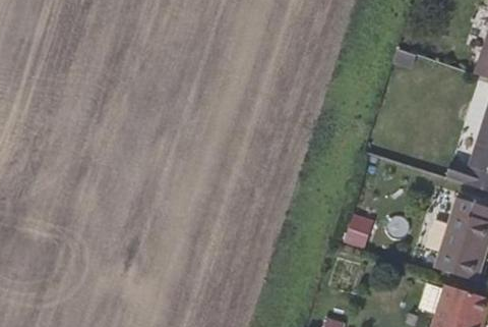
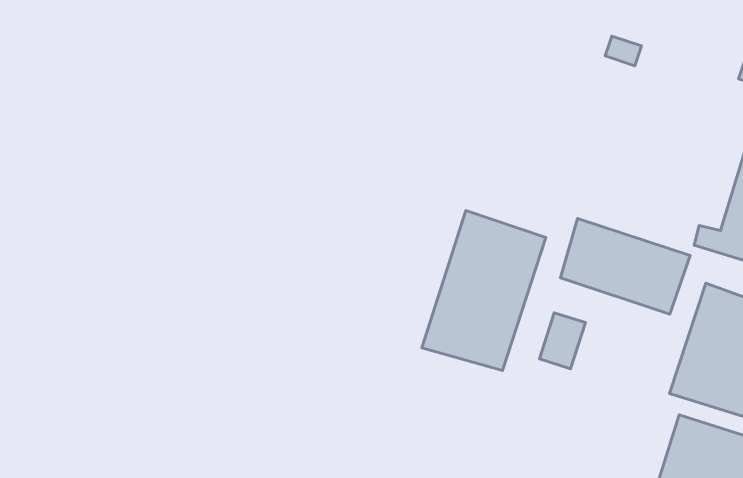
building: none -> [422,210,546,371]
building: none -> [560,218,690,314]

